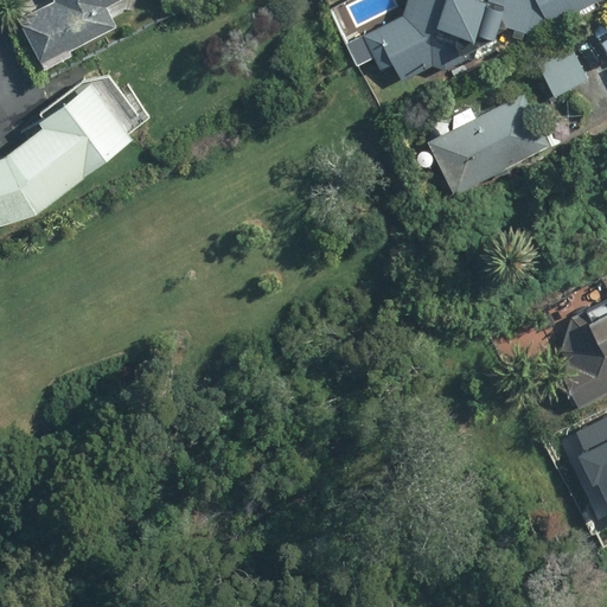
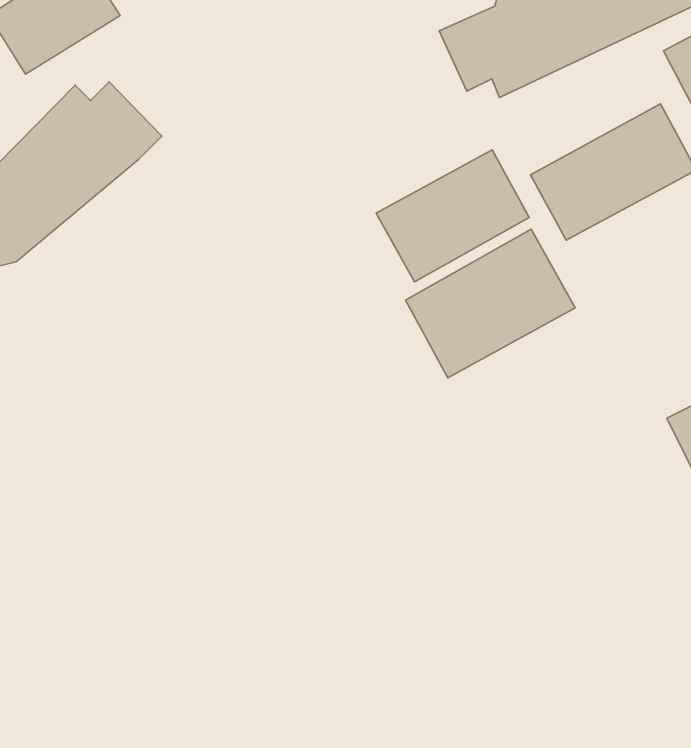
building: none -> [376,150,529,282]
building: none -> [405,229,575,378]

